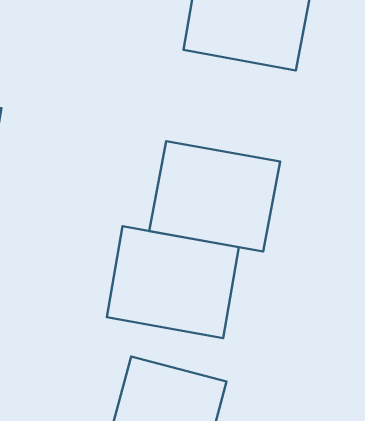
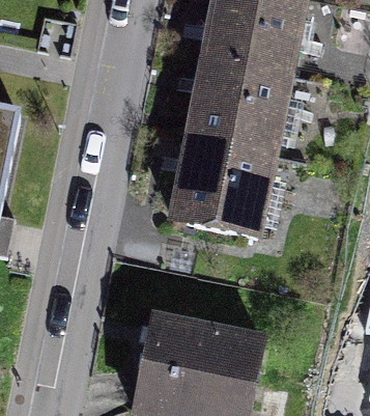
building: none -> [177,56,295,158]
building: [107,226,239,338] -> none

